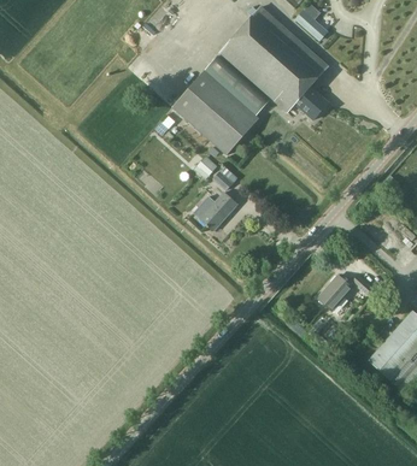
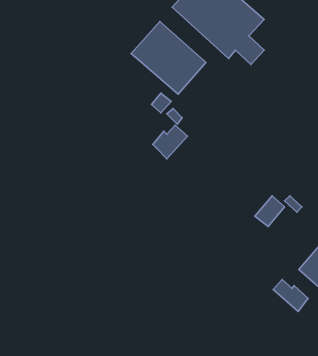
building: [205,55,269,116] -> none
building: none -> [273,279,308,311]

